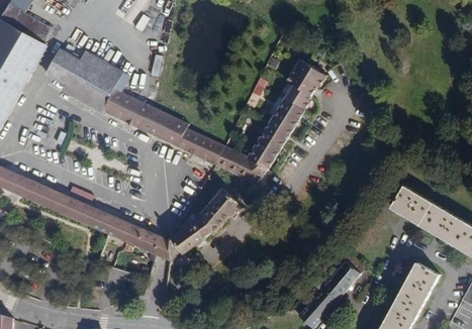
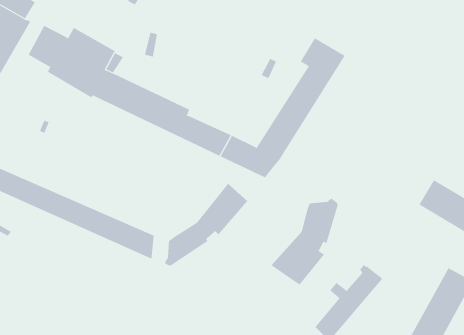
building: none -> [270,197,338,286]

